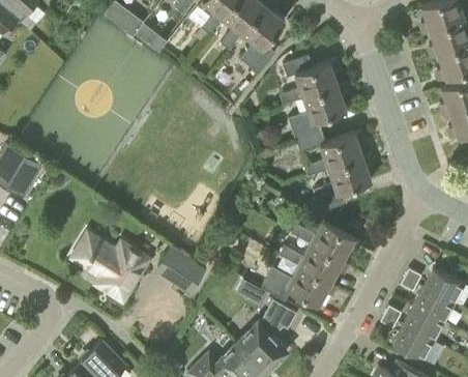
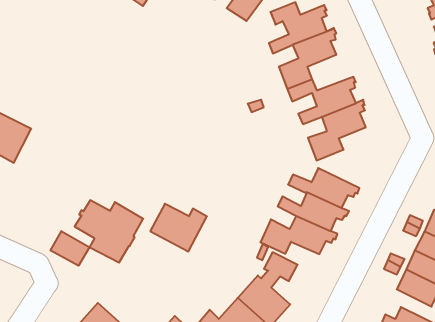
building: none -> [51,231,90,266]

